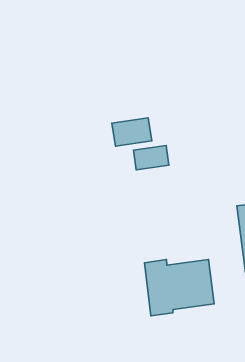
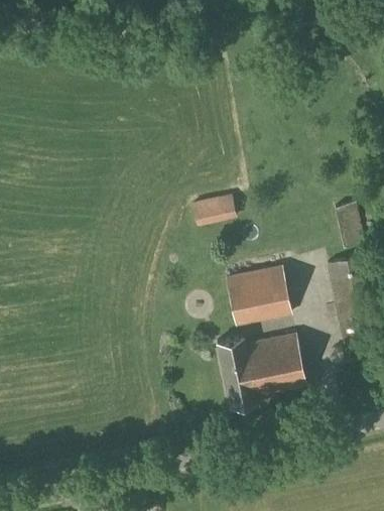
building: [112,118,152,146] -> none
building: none -> [227,264,292,326]

